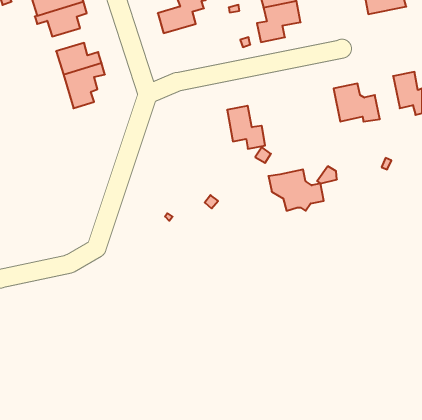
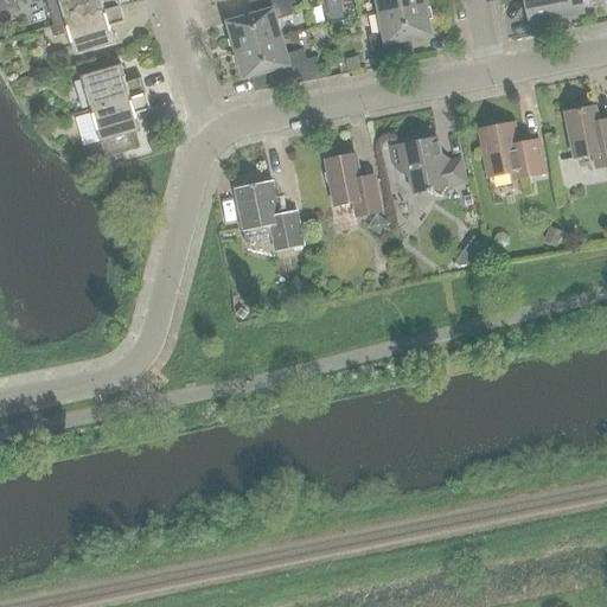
building: none -> [235,34,324,83]
building: none -> [235,178,304,248]
building: [268,169,324,211] -> [386,135,466,194]

